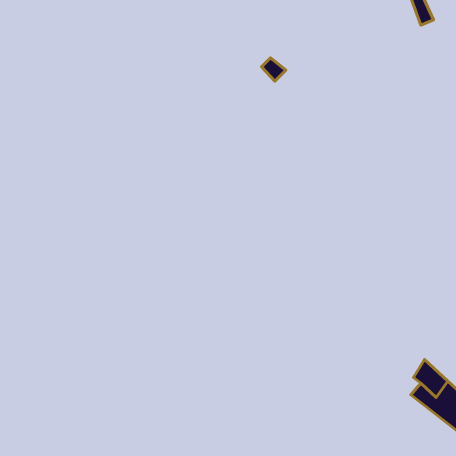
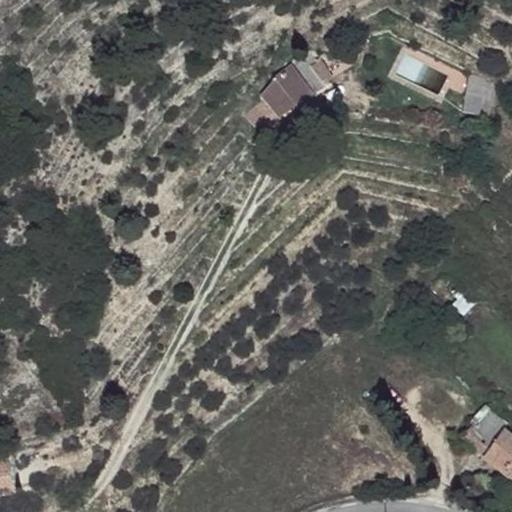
building: none -> [268,74,310,117]

